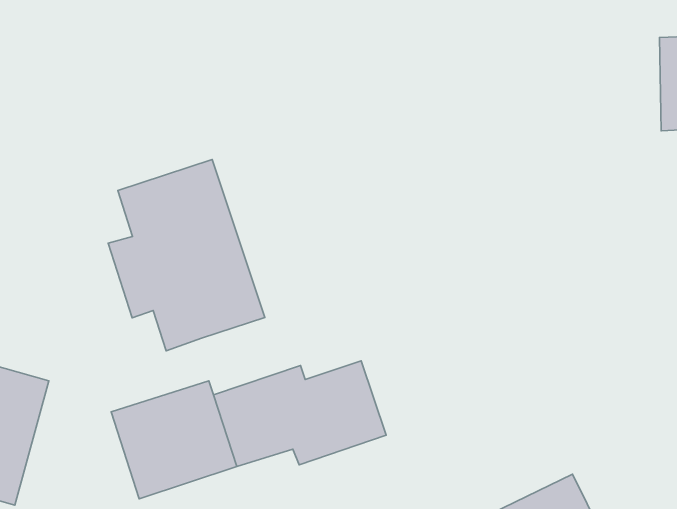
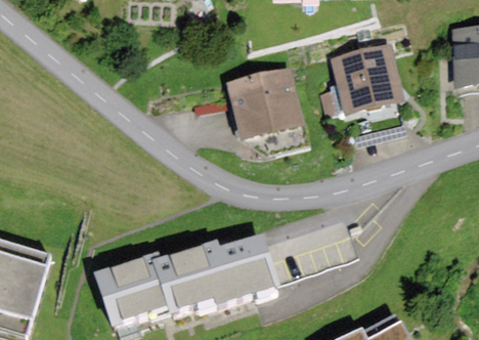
building: none -> [331,43,403,118]
building: none -> [226,68,302,139]
building: [108,159,265,351] -> none

